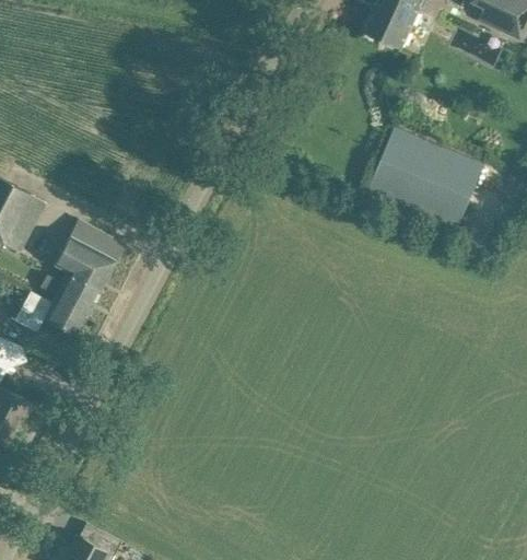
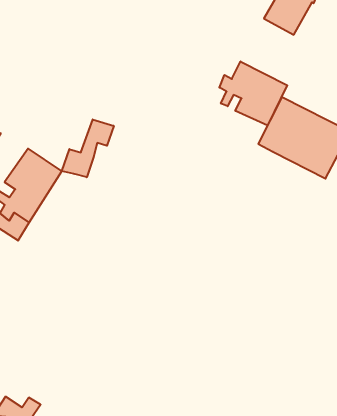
building: none -> [219,61,287,125]
building: none -> [62,119,114,177]

